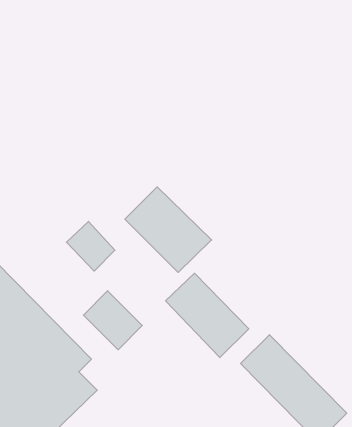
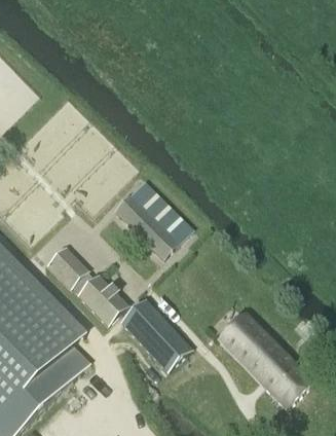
building: [66,221,115,271] -> [45,244,88,288]
building: [166,273,249,358] -> [119,297,193,372]

